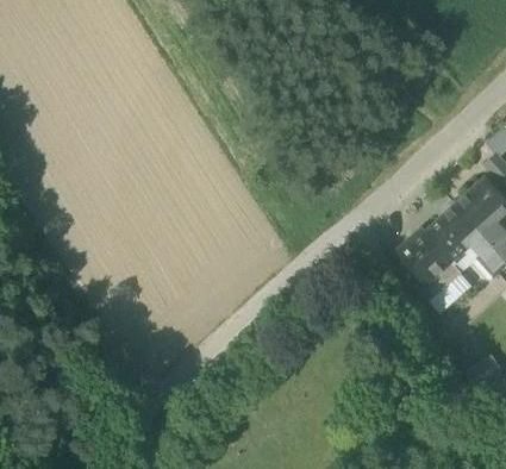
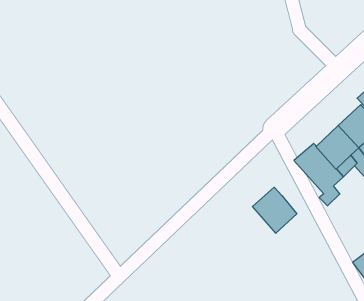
building: none -> [252,187,297,233]

